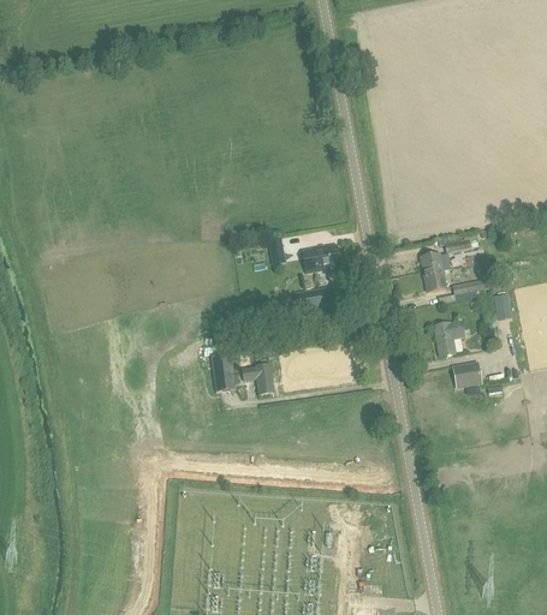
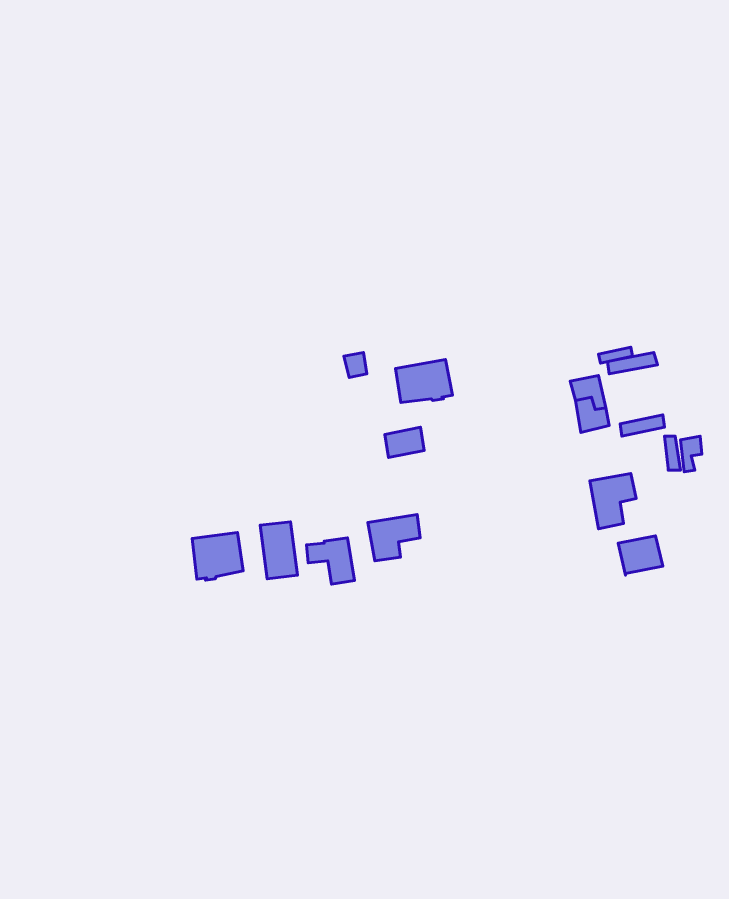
building: none -> [368,514,420,561]
building: none -> [192,532,243,580]

